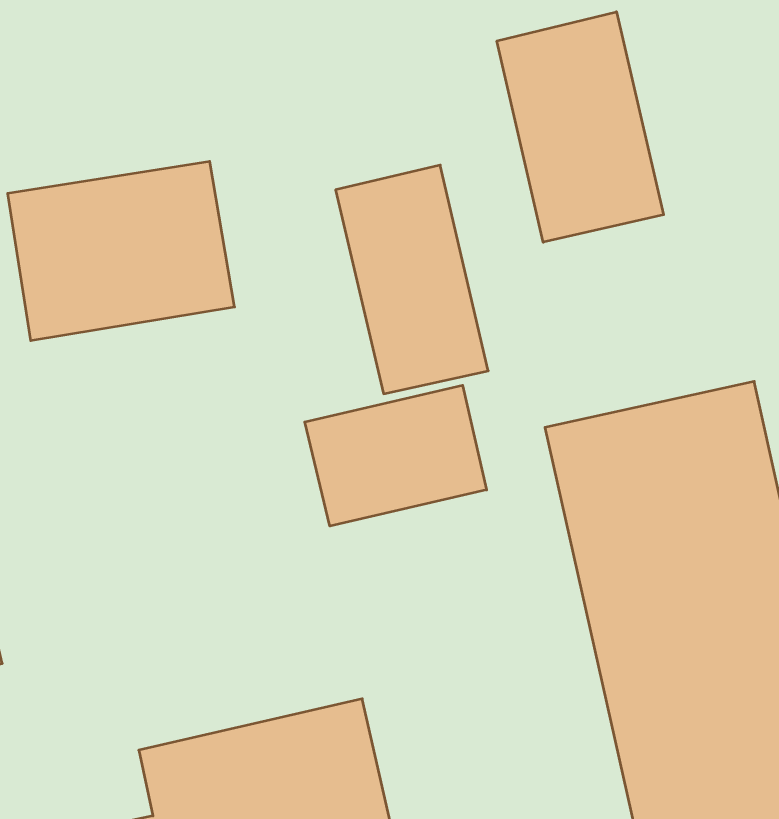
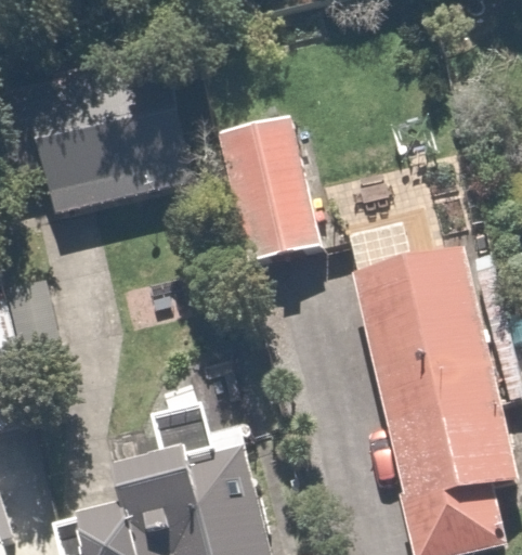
building: [497,12,664,242] -> none
building: [305,385,487,526] -> none

